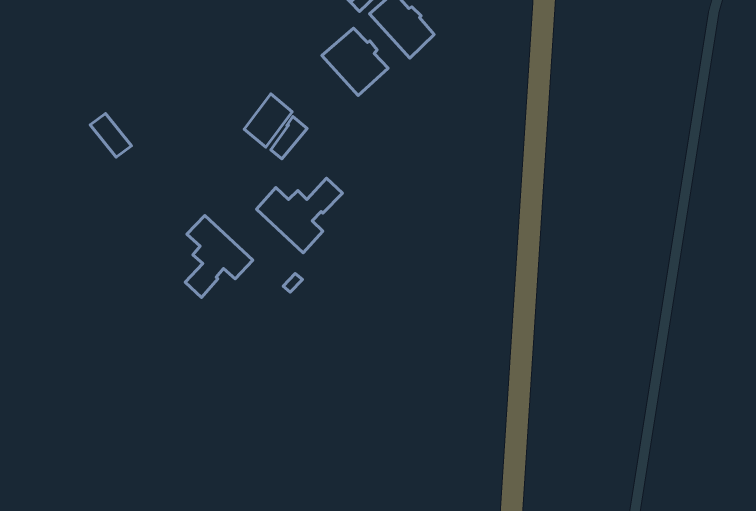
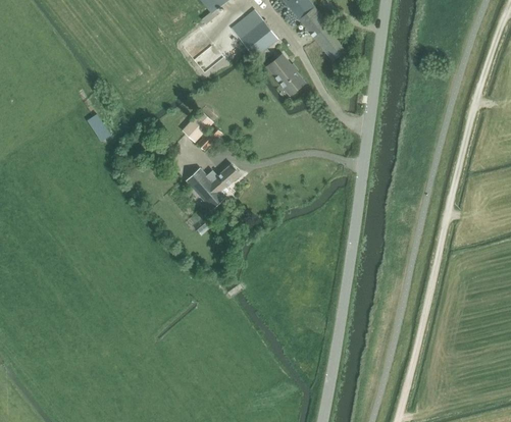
building: [322,28,388,96] -> none
building: [185,215,253,297] -> none

